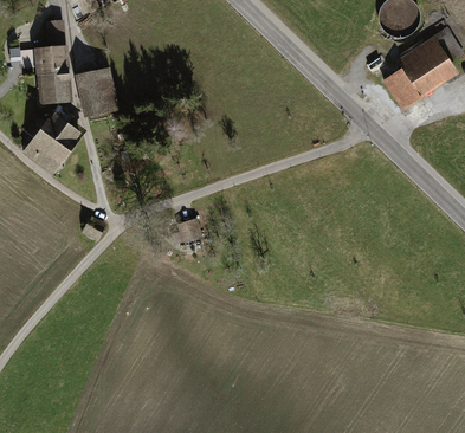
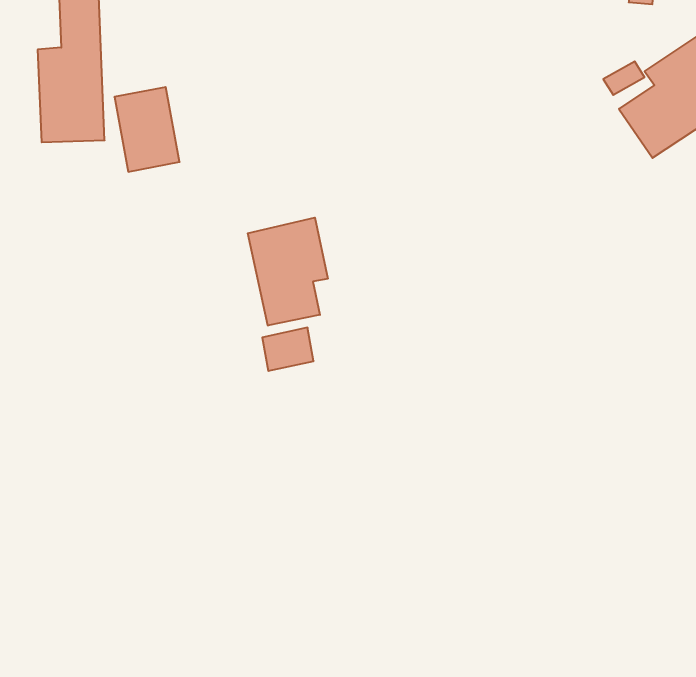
building: [27,109,85,169] -> none
building: none -> [248,218,328,326]

